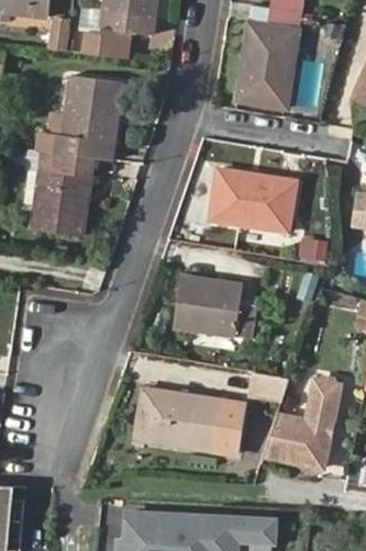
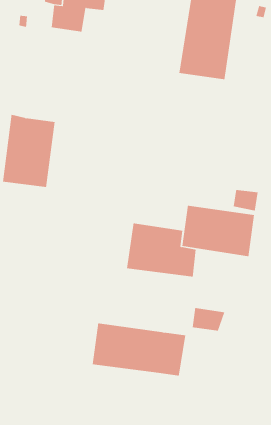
building: [59,75,121,159] -> none
building: [210,169,295,228] -> [182,205,255,257]
building: [262,380,337,470] -> none

